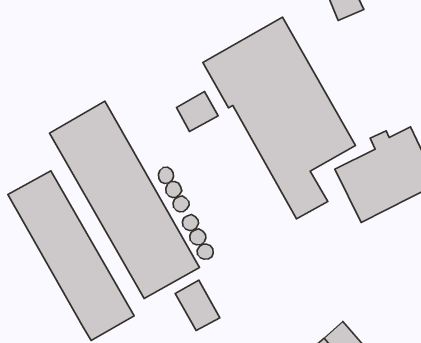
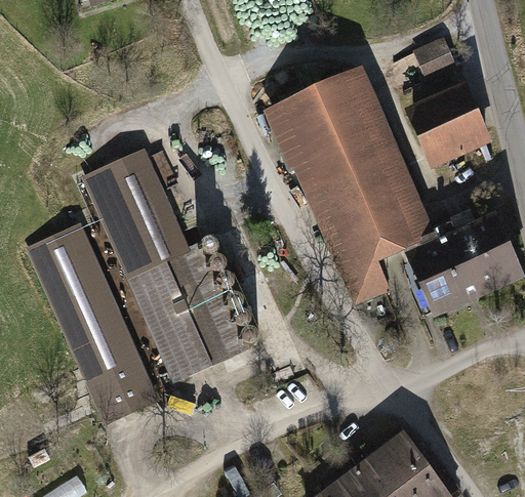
building: none -> [405,82,490,173]
building: [177,92,218,131] -> none
building: [175,280,220,331] -> none

